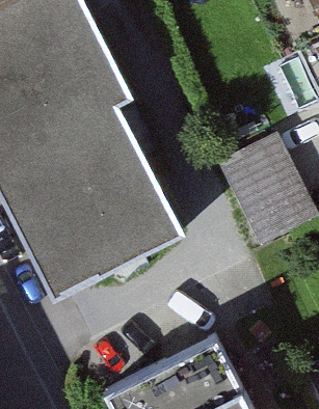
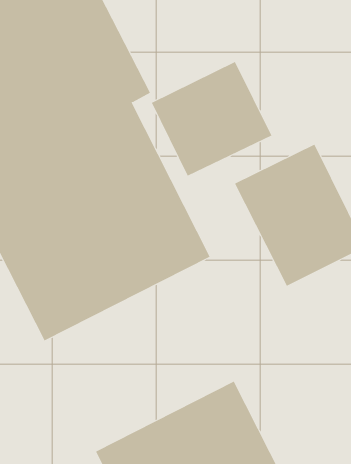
building: none -> [151,61,272,177]

